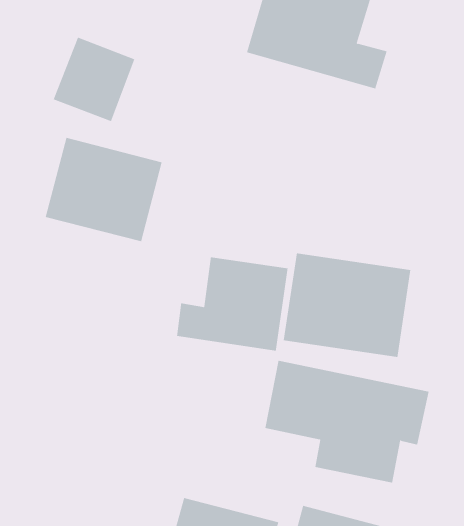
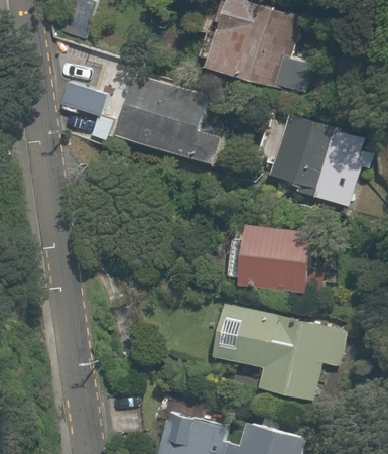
building: none -> [270,116,364,201]
building: [45,137,163,242] -> [118,72,209,152]
building: [176,256,288,351] -> none

